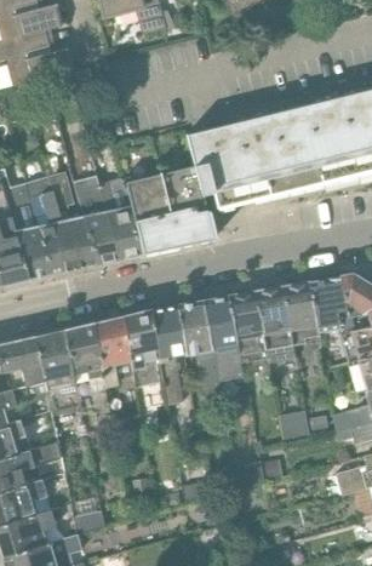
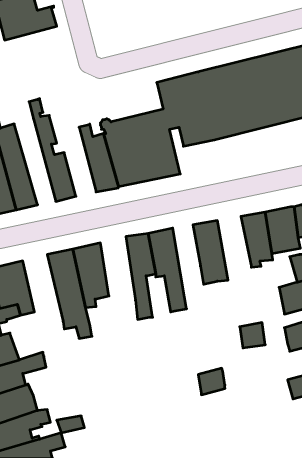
building: [73,175,119,264] -> none
building: [25,176,73,274] -> none
building: [257,287,298,364] -> none
building: [206,297,237,379] -> none
building: [124,310,164,389] -> none
building: [35,331,81,413] -> none

